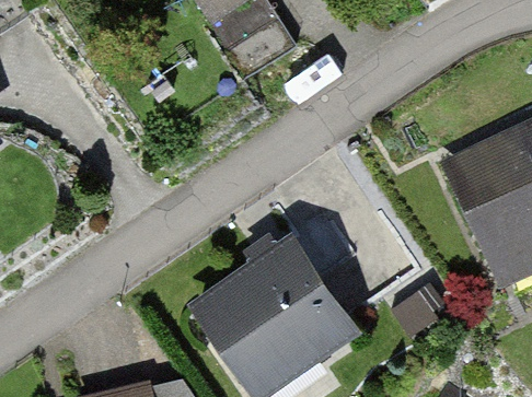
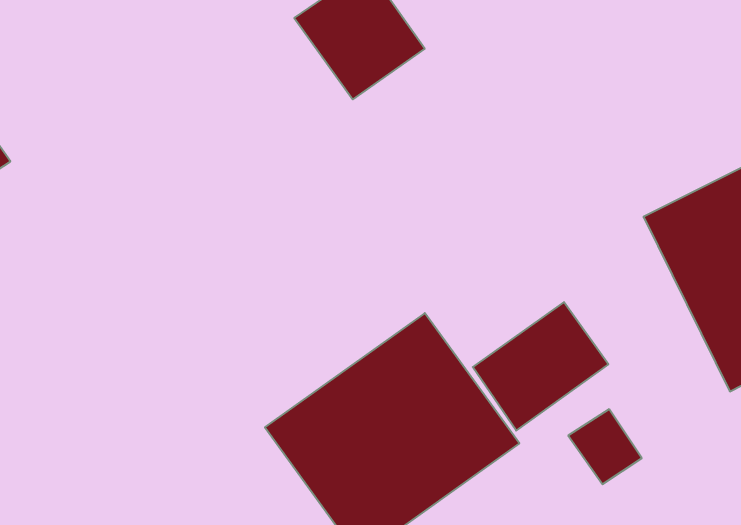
building: none -> [473,302,608,431]

